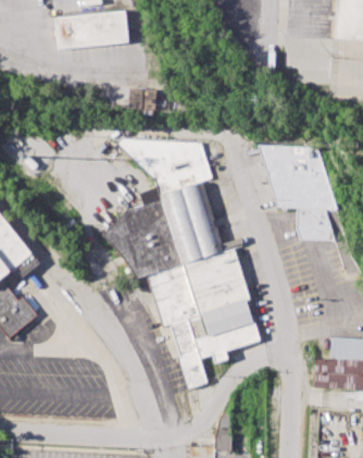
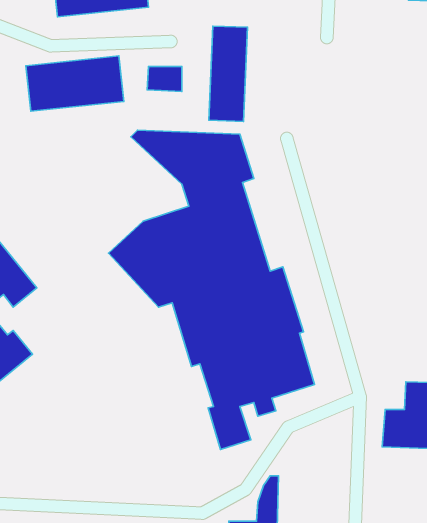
building: none -> [209,26,247,121]
building: none -> [26,56,124,111]
building: [258,145,338,240] -> none

